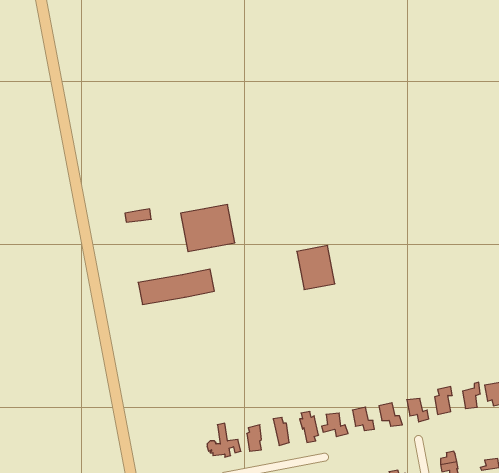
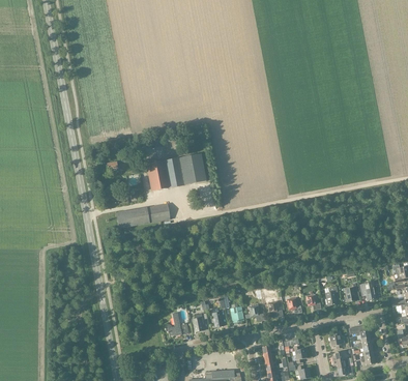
building: [297,246,335,290] -> [180,153,207,184]

